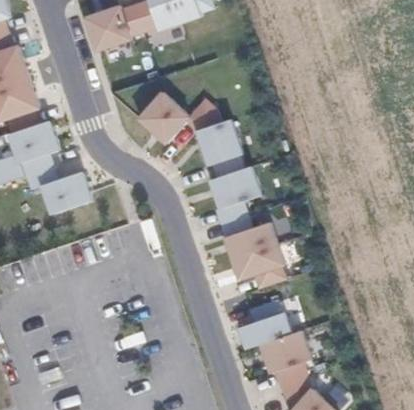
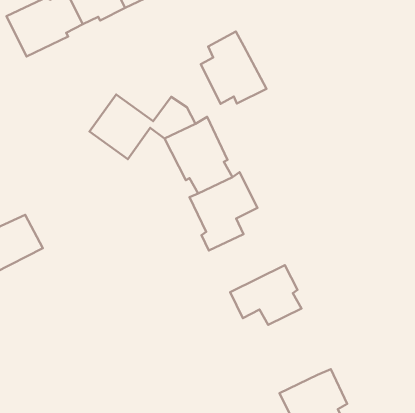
building: none -> [201,32,266,104]
building: [219,214,277,258] -> none
building: [237,300,290,348] -> none

